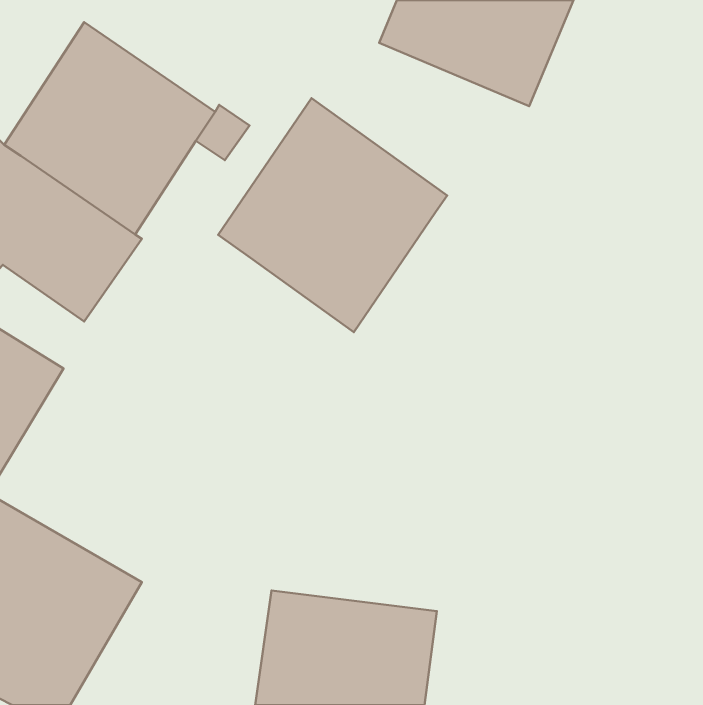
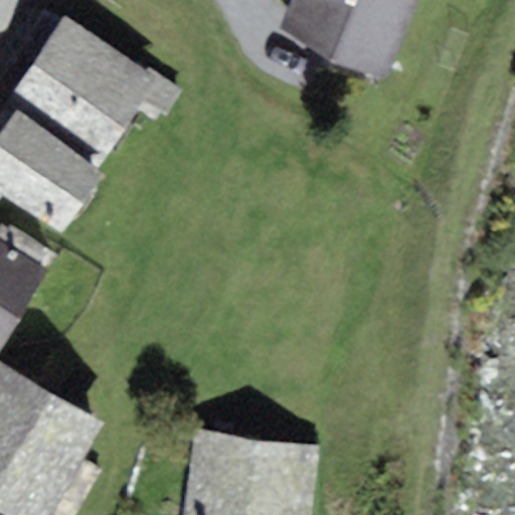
building: [218,98,447,332] -> none

